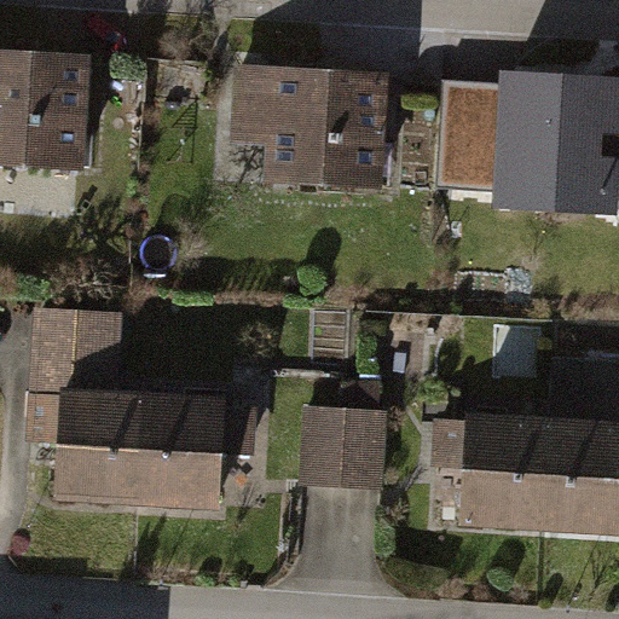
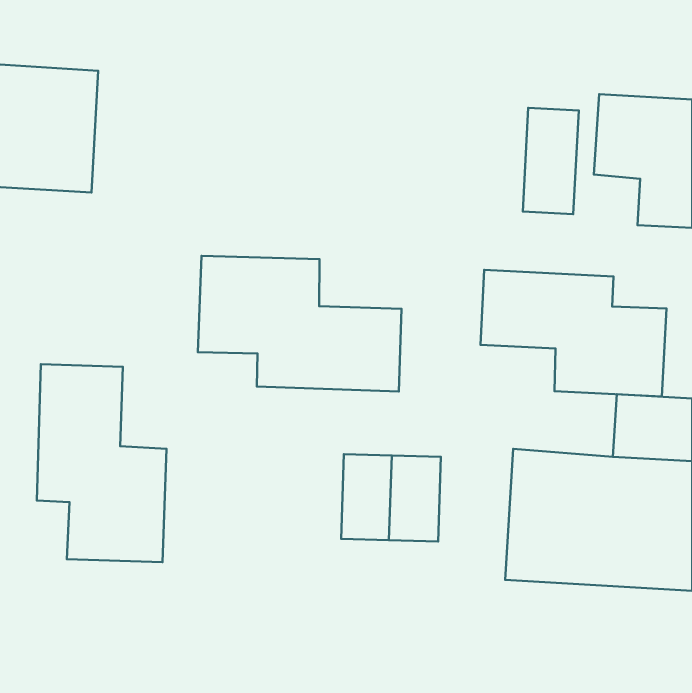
building: [235,76,388,198] -> none
building: none -> [198,256,402,392]
building: none -> [480,270,667,396]
building: [144,398,251,501] -> none

